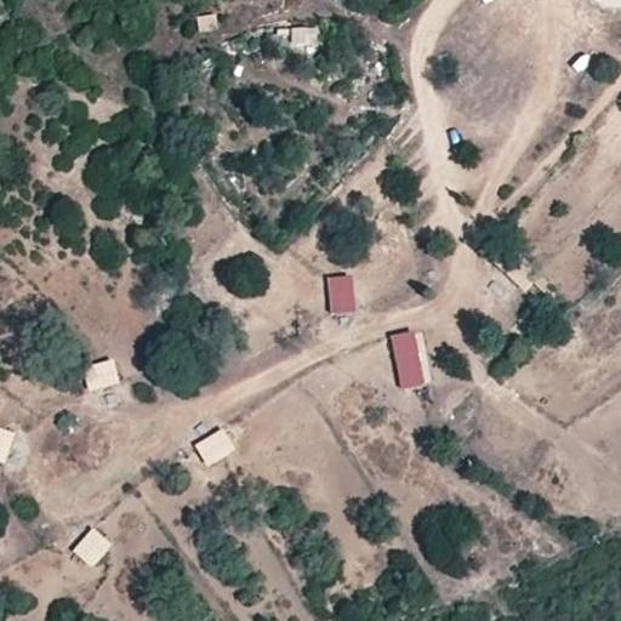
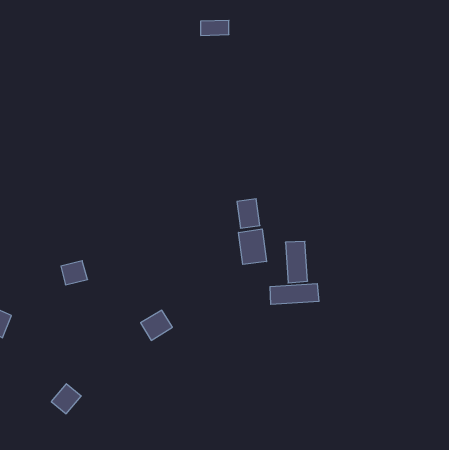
building: none -> [239,229,267,264]
building: none -> [270,284,319,304]

